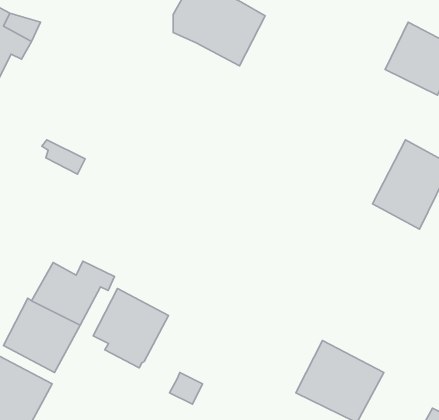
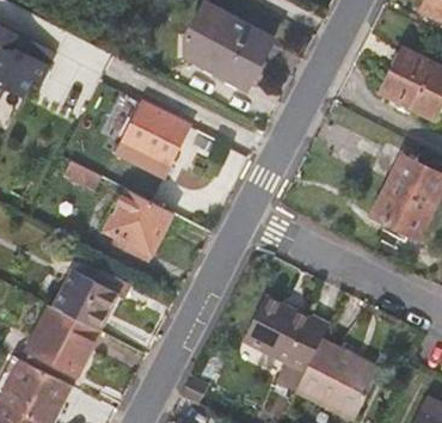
building: none -> [116,102,189,177]
building: [93,289,169,368] -> [102,186,172,260]
building: none -> [245,298,330,374]

